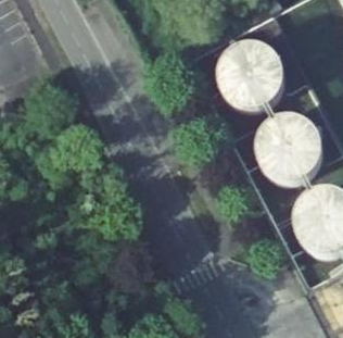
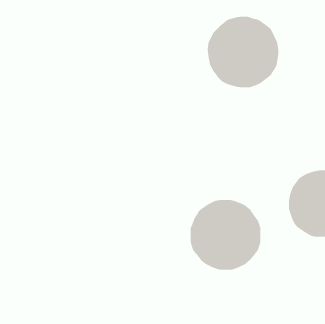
building: [254,115,322,184] -> [190,199,261,270]

